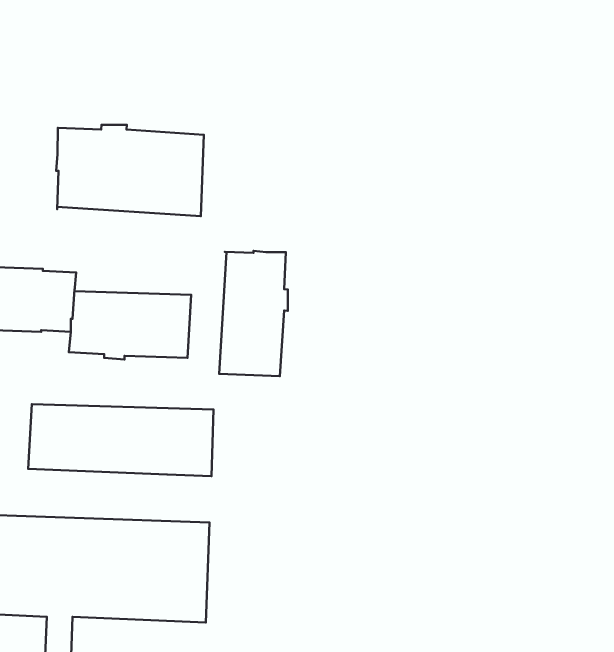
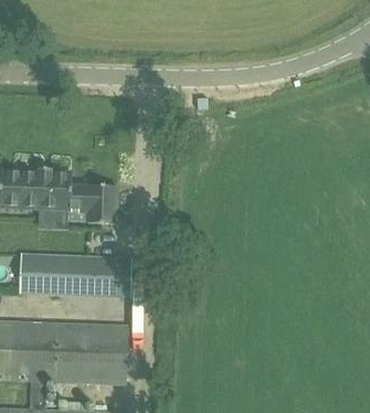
building: [56,125,204,216] -> none
building: [219,251,288,376] -> none

